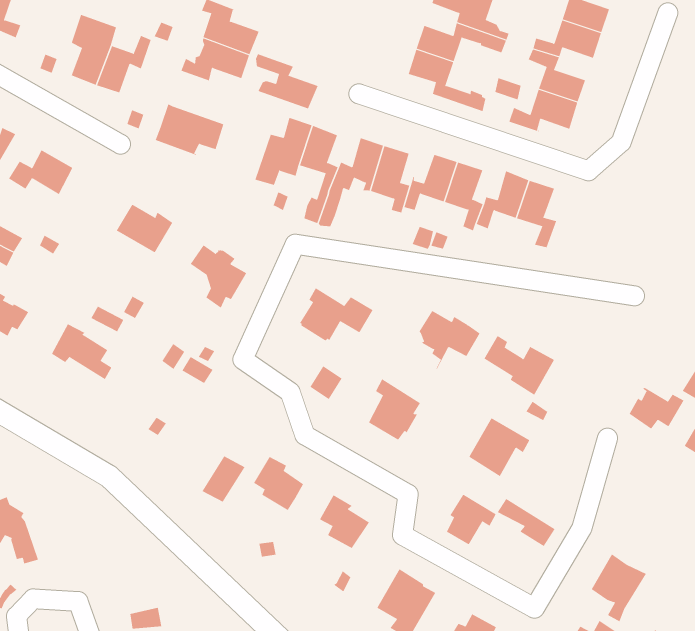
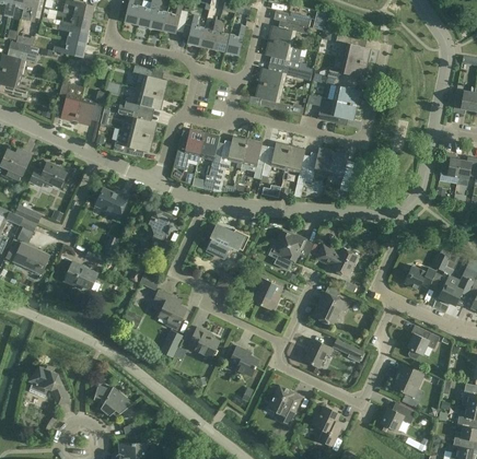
building: [255,53,318,109] -> [118,107,156,137]
building: none -> [154,291,186,328]
building: none -> [407,325,439,358]
building: none -> [93,385,130,415]

